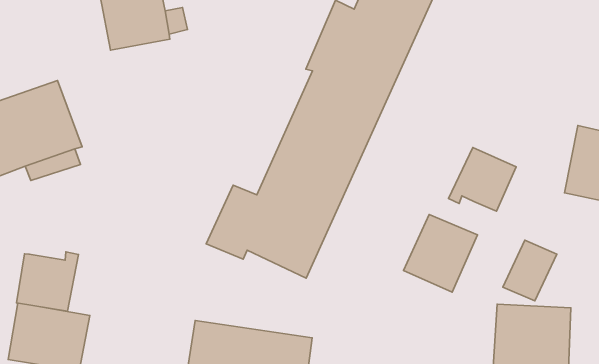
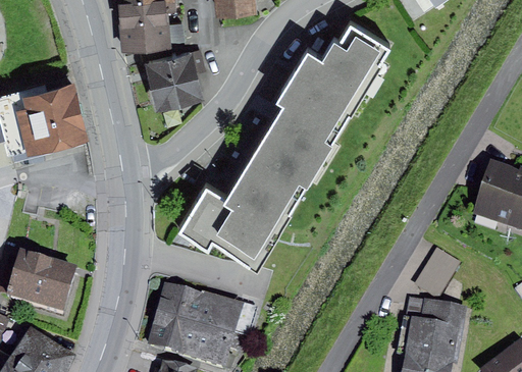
building: none -> [142,50,205,116]
building: [448,147,516,211] -> none
building: [404,214,478,292] -> none
building: [16,252,79,311] -> none

